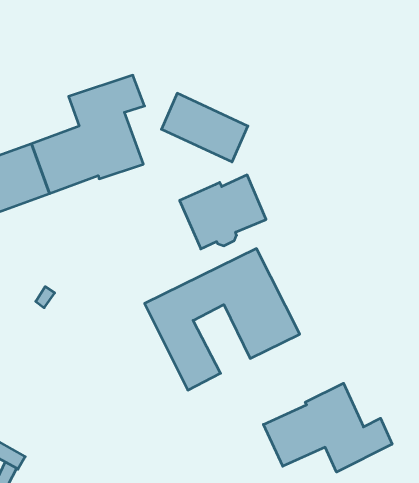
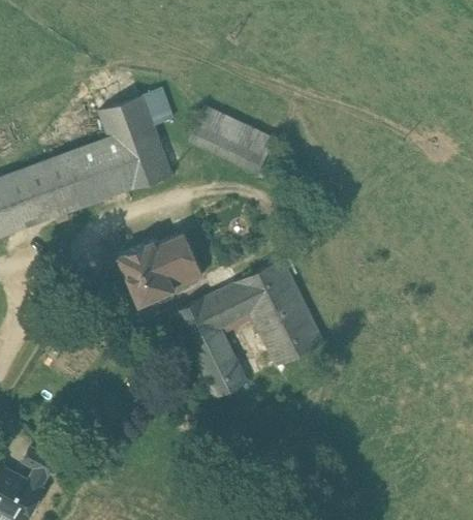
building: [180,175,266,249] -> [117,233,201,305]
building: [263,383,392,472] -> none

